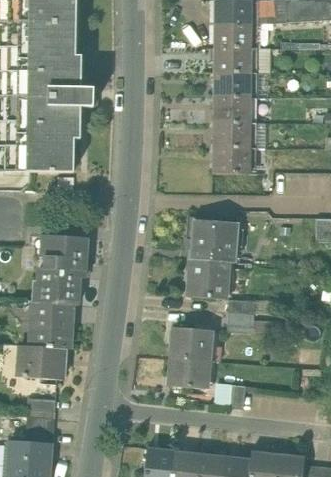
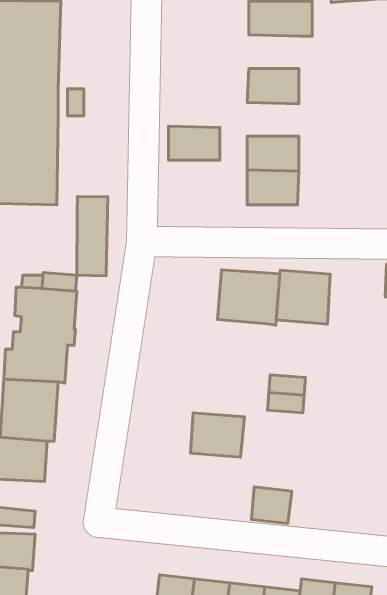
building: [215,48,253,73] -> none
building: [214,98,252,123] -> [168,126,220,160]
building: none -> [77,196,108,276]
building: [189,259,229,299] -> [276,270,330,324]
building: [170,358,209,389] -> none

